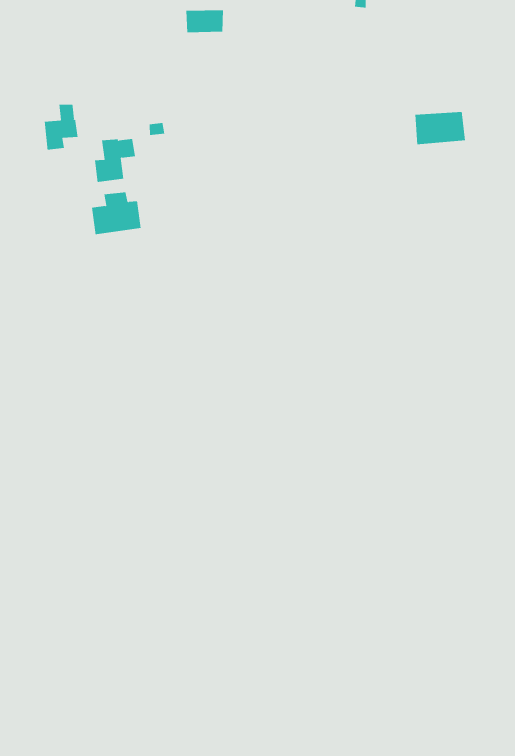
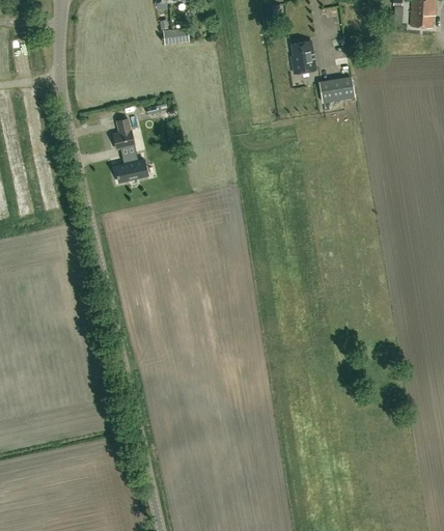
building: none -> [292,40,315,73]
building: [44,104,78,150] -> none

